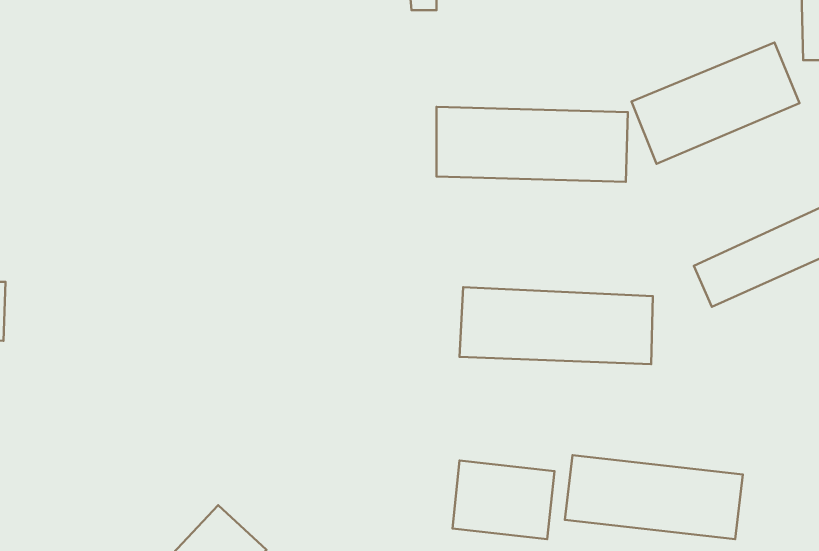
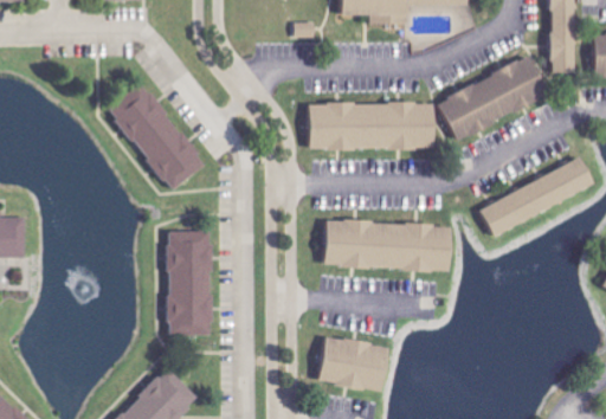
building: none -> [108,84,205,191]
building: none -> [166,232,211,335]
building: [565,455,743,539] -> none

